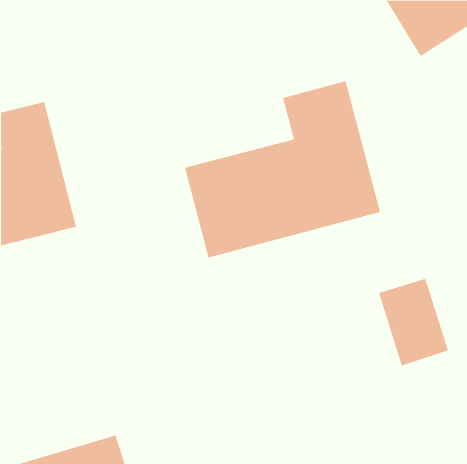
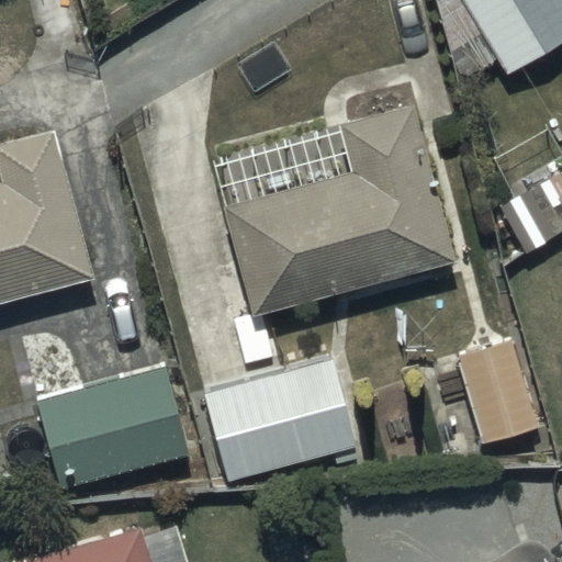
building: none -> [202,360,355,484]
building: none -> [35,363,189,488]

